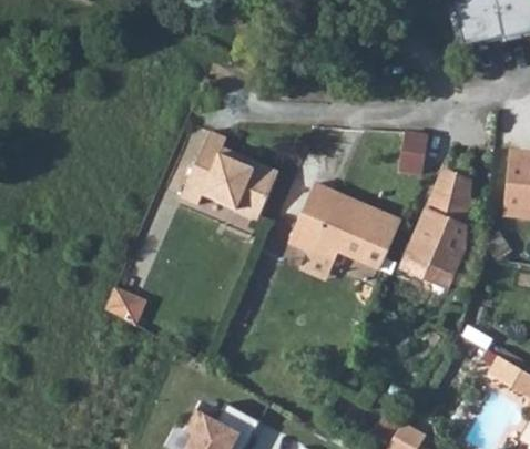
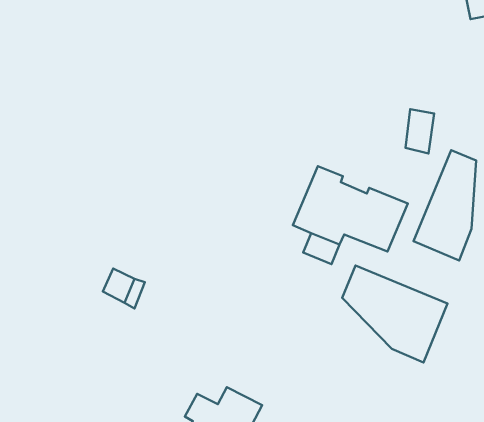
building: [181,131,277,220] -> none
building: none -> [342,265,447,363]

